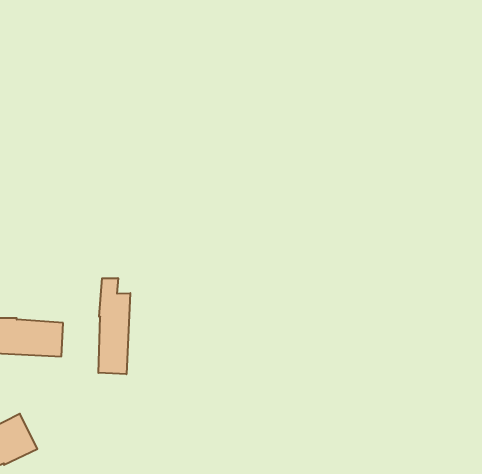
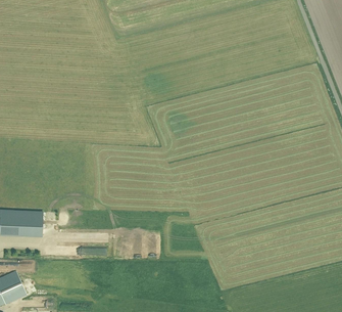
building: [98,278,130,374] -> none

